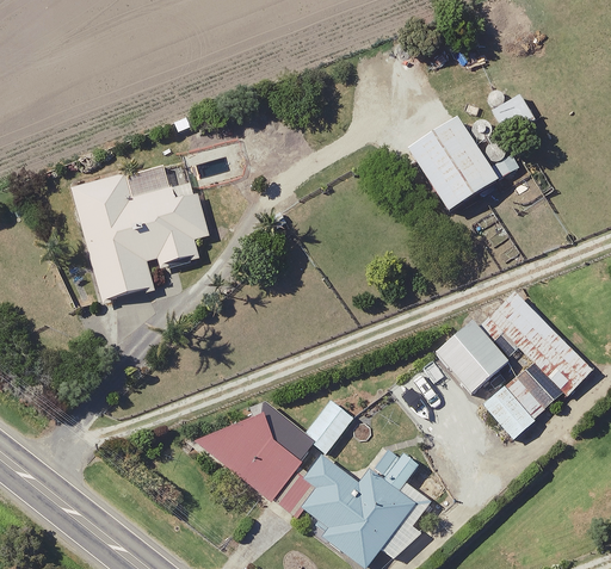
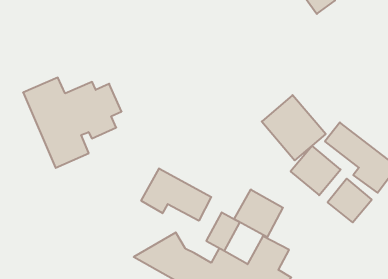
building: [409,118,498,211] -> [262,95,326,160]
building: none -> [141,168,211,221]
building: none -> [234,189,283,237]

